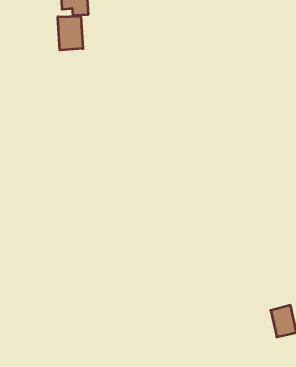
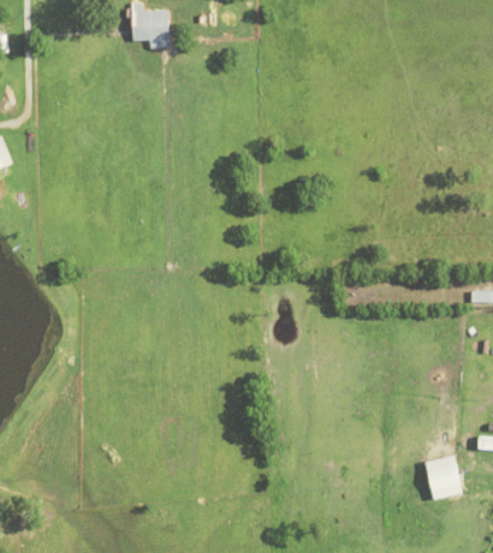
building: [58,16,83,50] -> none

